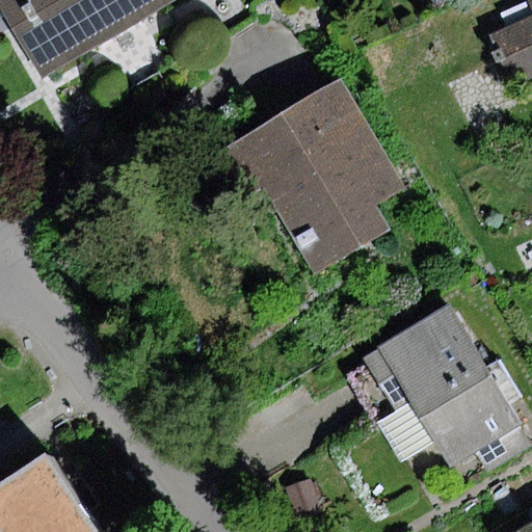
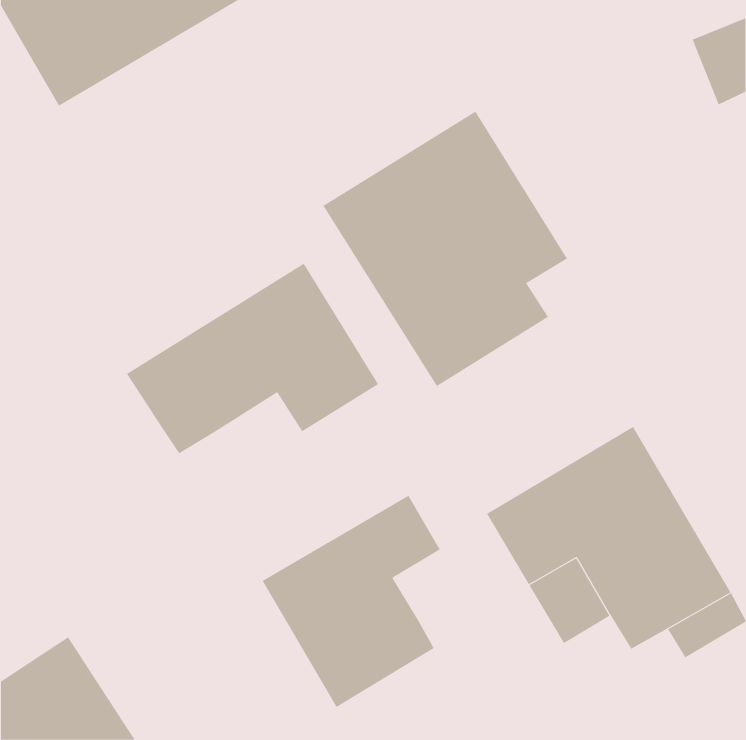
building: none -> [126,263,379,454]
building: none -> [262,495,440,708]

